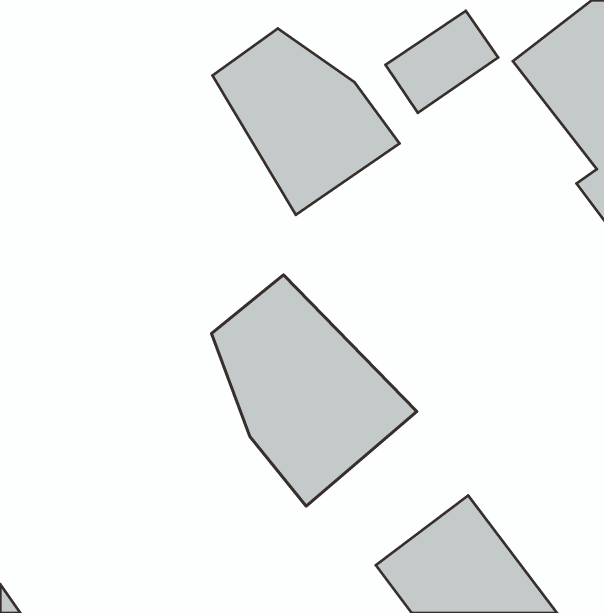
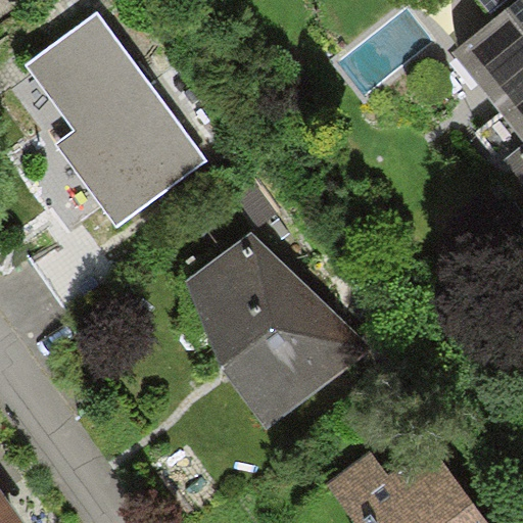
building: none -> [33,16,216,231]
building: [213,29,399,215] -> none

